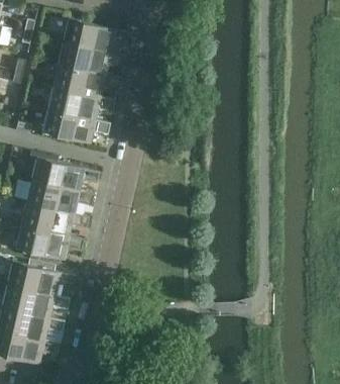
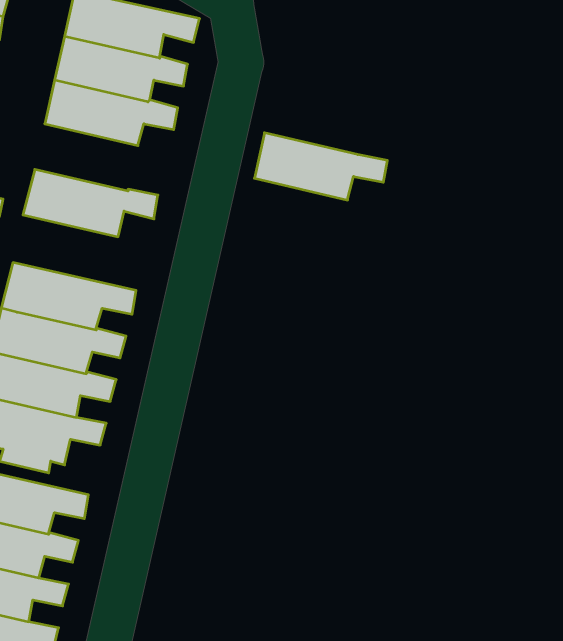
building: [46,86,114,120] -> [254,133,387,200]

